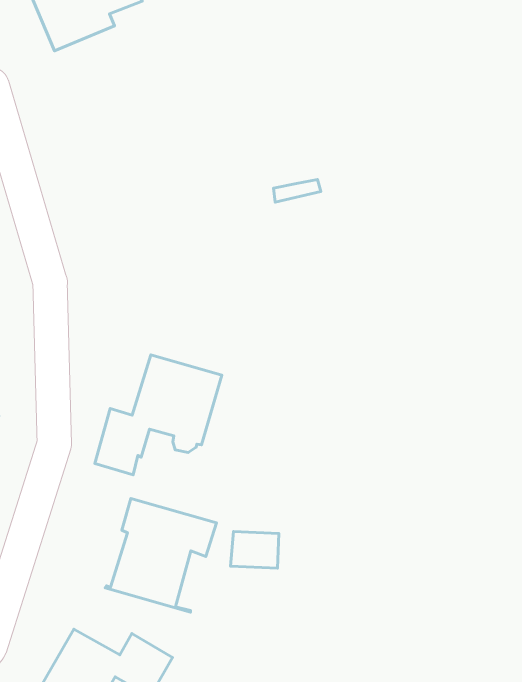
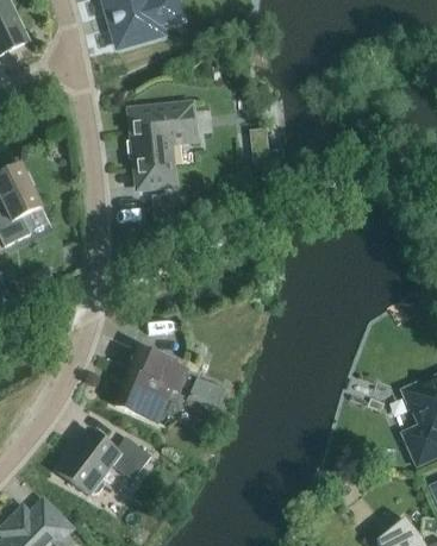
building: none -> [130,103,194,187]
building: [95,355,222,475] -> none

